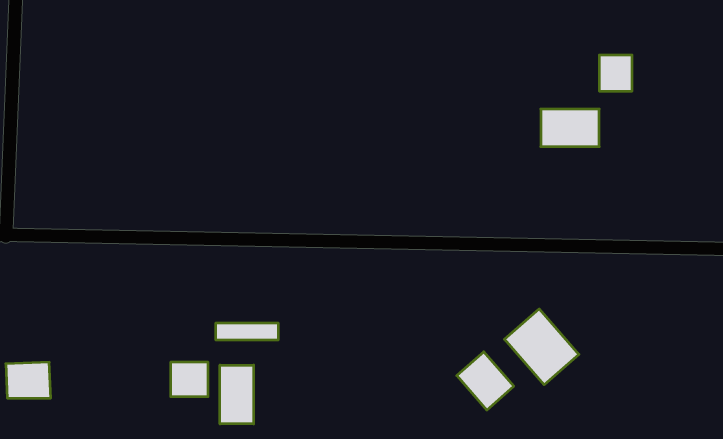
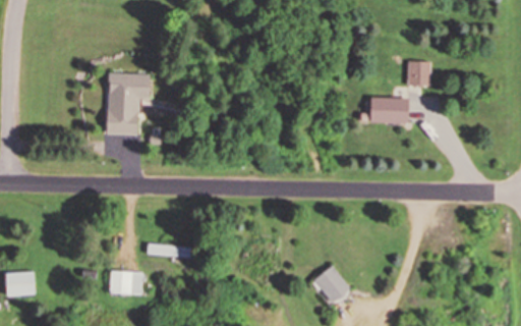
building: none -> [106,73,149,134]
building: [504,309,579,385] -> none
building: [220,365,254,424] -> none

